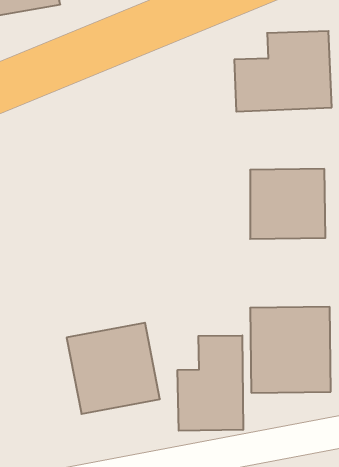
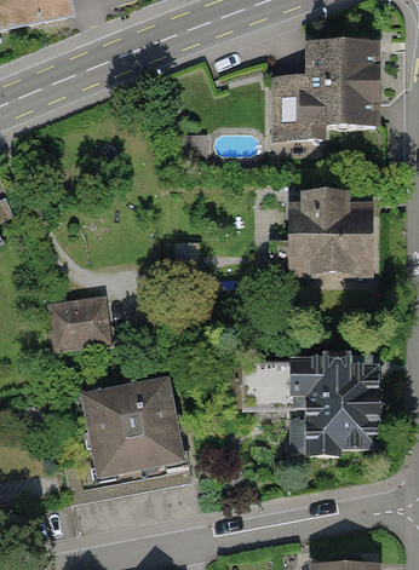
building: none -> [48,294,114,351]
building: [178,335,243,431] -> none

